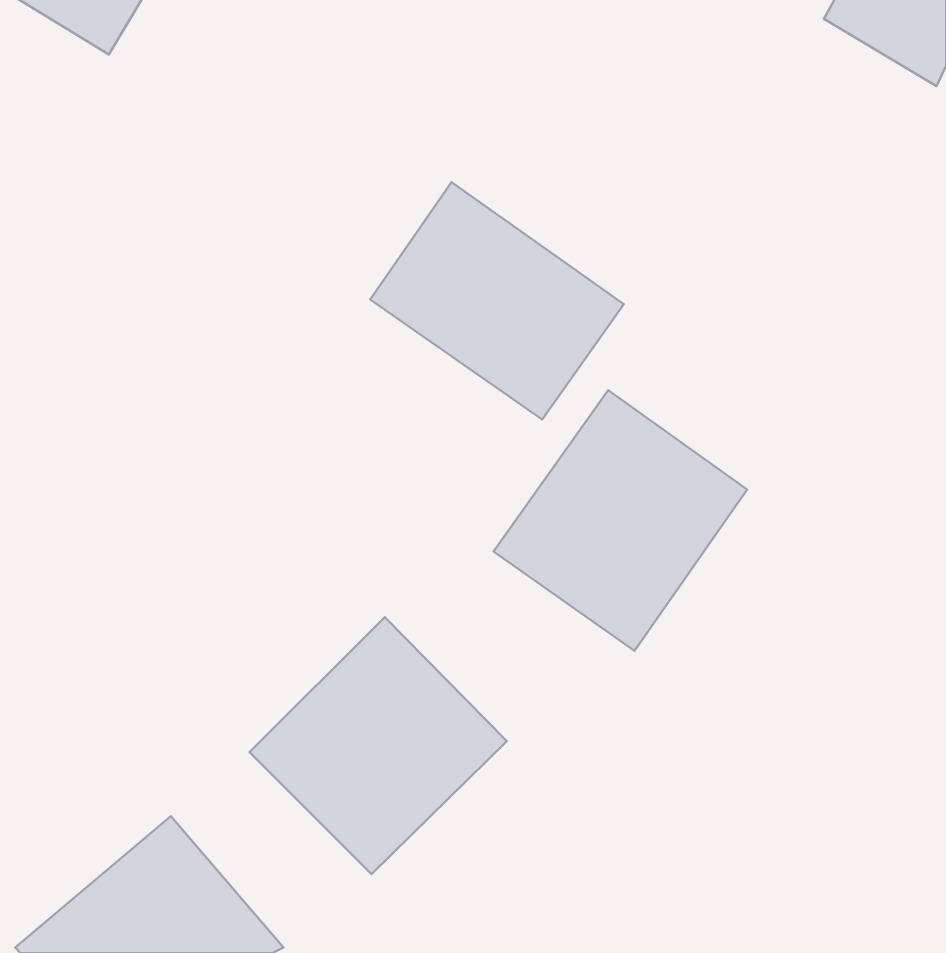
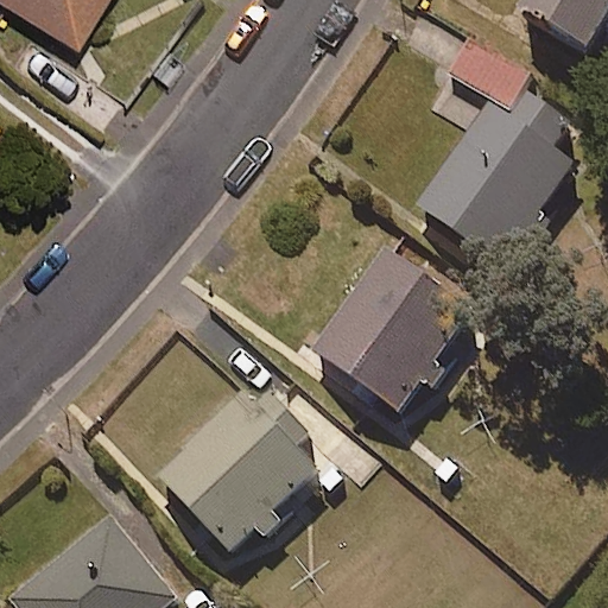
building: none -> [418,40,576,266]
building: [370,182,624,420] -> none

